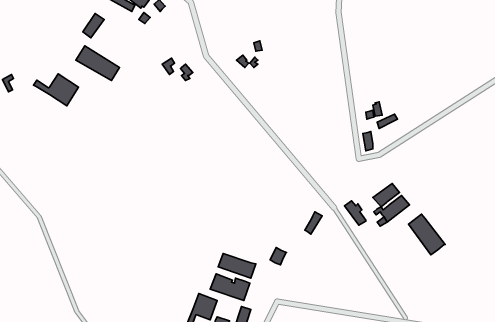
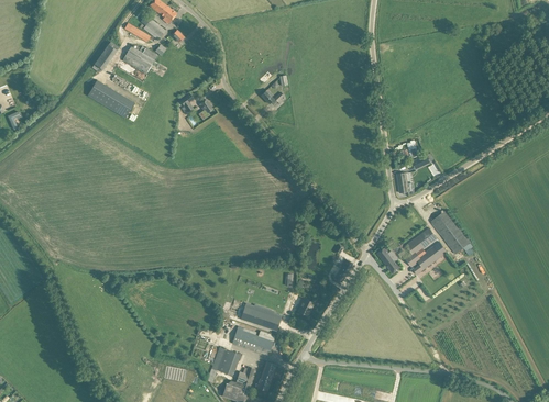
building: none -> [122,45,156,72]
building: [34,74,79,106] -> none
building: [408,214,445,255] -> [430,209,470,253]

